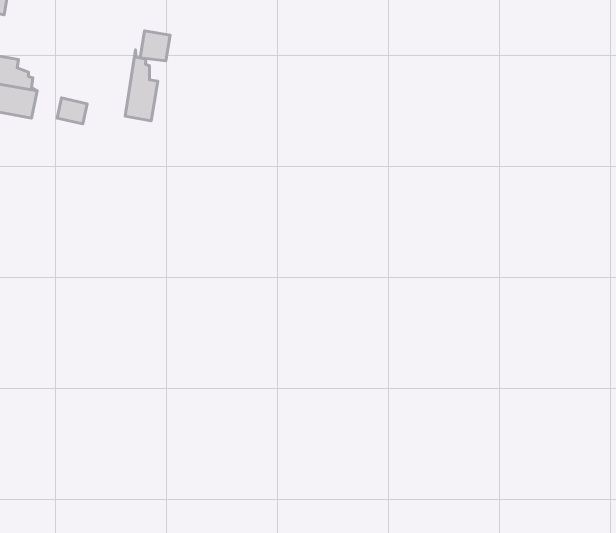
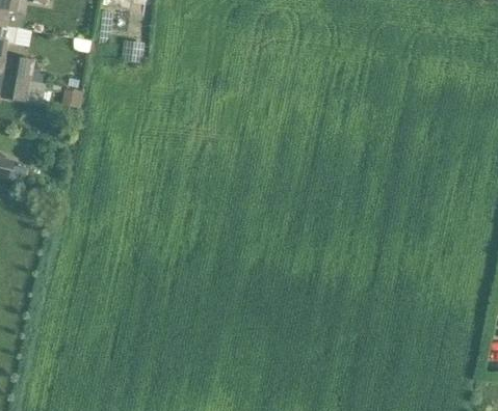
building: [125,50,158,121] -> none

